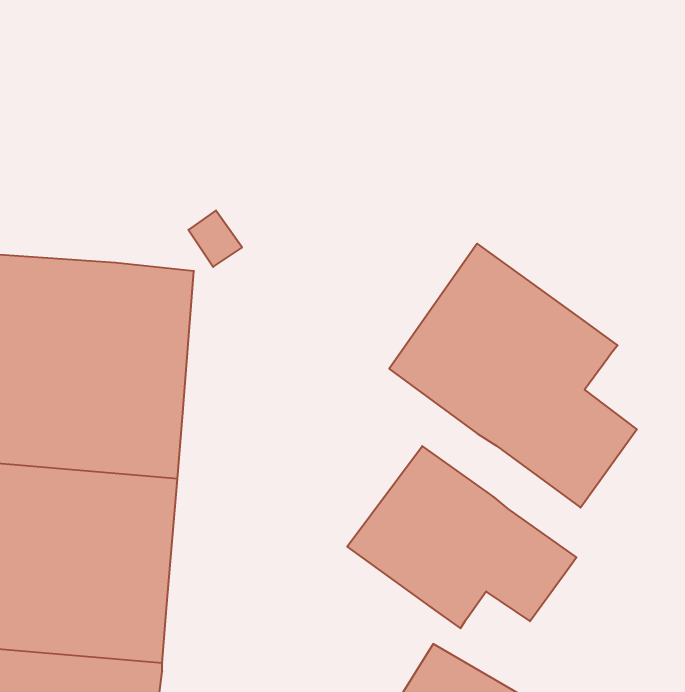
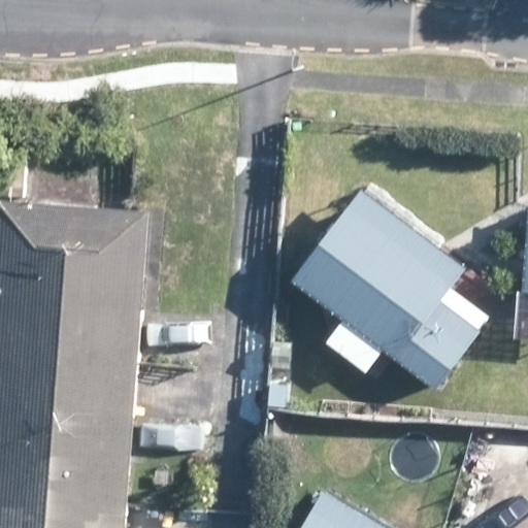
building: [347,446,576,628] -> none

